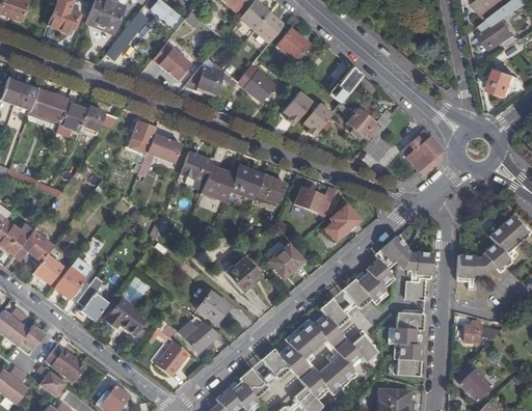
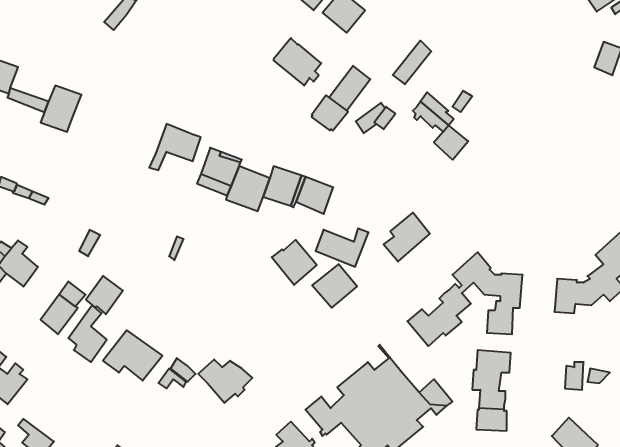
building: [153,43,191,80] -> none
building: [197,66,223,93] -> none
building: [31,88,68,115] -> none
building: [80,106,117,134] -> none
building: none -> [312,95,348,131]
building: [127,121,157,156] -> none
building: [401,131,443,170] -> none
building: [294,186,336,216] -> [316,228,369,267]
building: [33,253,62,283] -> [86,276,123,314]
building: [224,256,260,292] -> [272,240,317,285]
building: [197,286,233,323] -> none
building: [321,297,349,327] -> none
building: [157,338,191,375] -> none
building: [46,346,86,381] -> none

